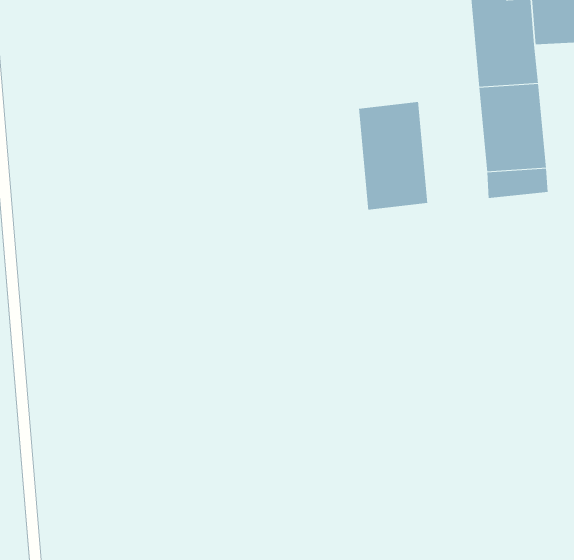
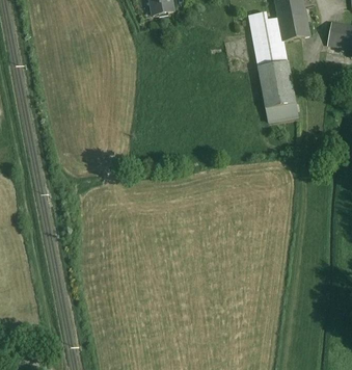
building: [358,101,428,211] -> none

